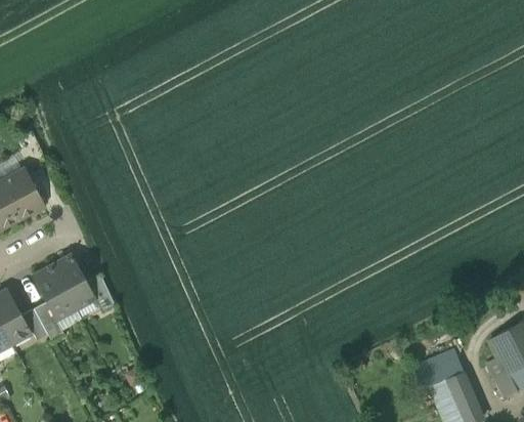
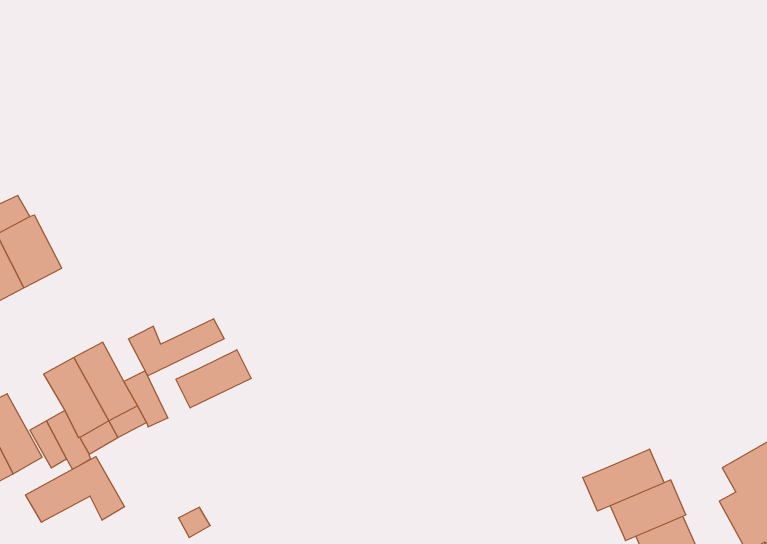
building: none -> [128,319,224,376]
building: none -> [176,350,251,408]
building: none -> [583,449,664,511]
building: none -> [26,457,125,522]

